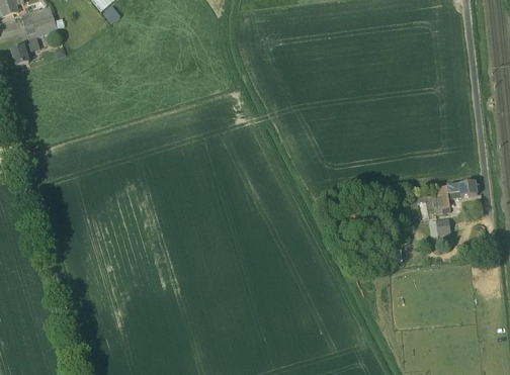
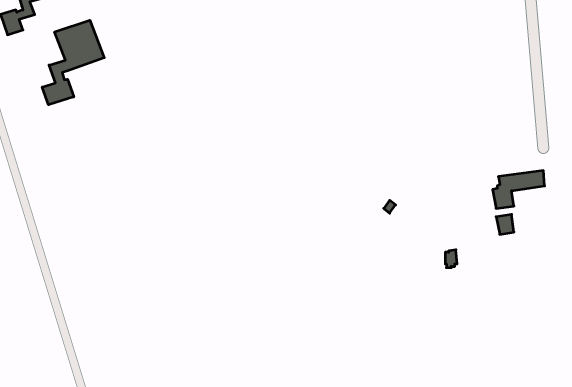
building: none -> [42,20,104,105]

